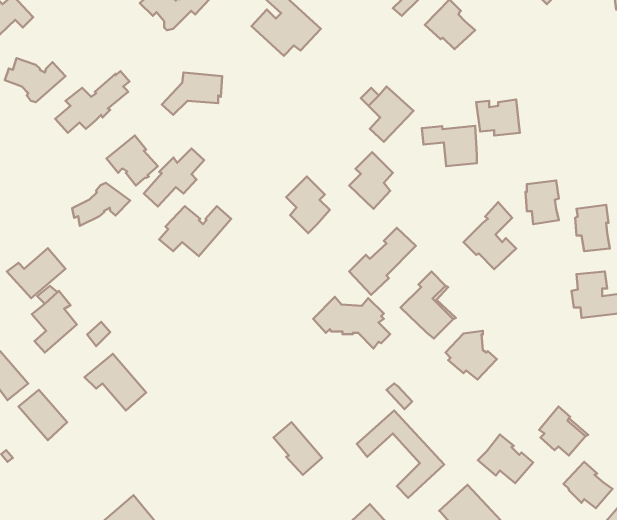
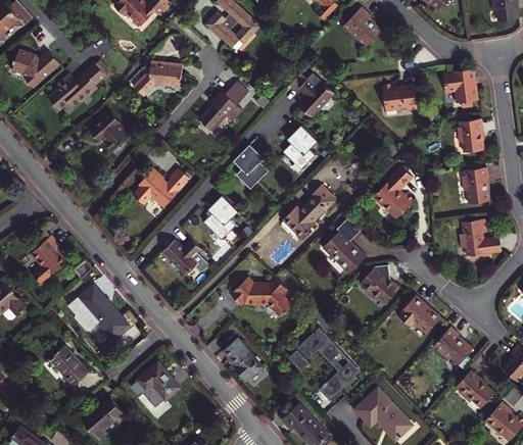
building: none -> [444,67,480,108]
building: [422,126,477,166] -> none
building: [144,149,204,206] -> [198,85,246,131]
building: [525,180,559,224] -> [459,125,485,159]
building: [72,183,130,226] -> none
building: none -> [202,195,238,240]
building: [7,248,65,298] -> none
building: [313,297,390,348] -> [230,277,291,317]
building: none -> [161,240,216,276]
building: [18,390,67,440] -> [49,346,88,386]
building: [478,434,533,483] -> [395,296,439,335]
building: none -> [138,362,180,400]

